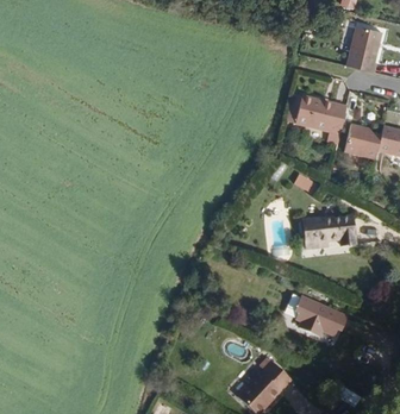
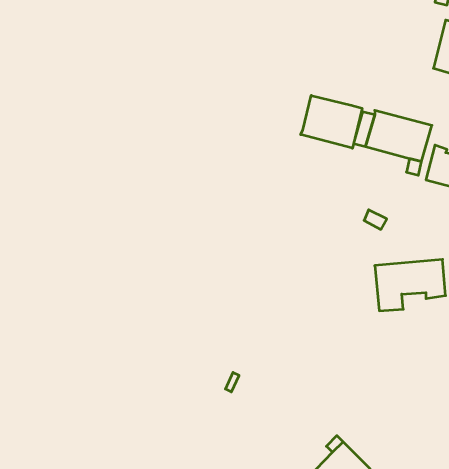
building: none -> [301,95,362,148]
building: [292,295,349,338] -> none

